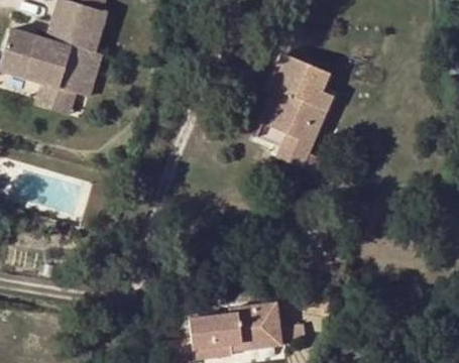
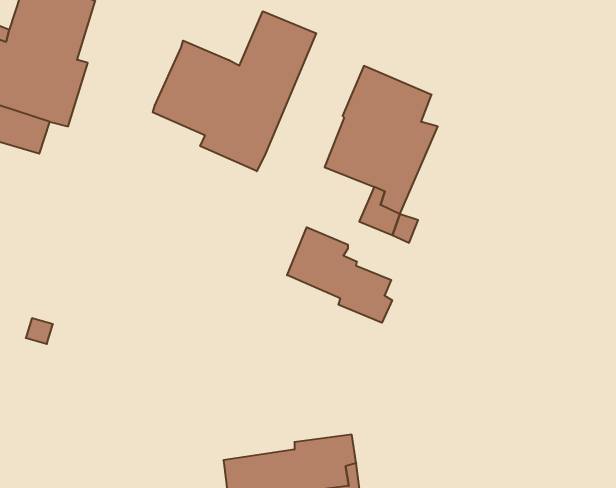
building: none -> [153,11,316,171]
building: none -> [287,227,392,323]

